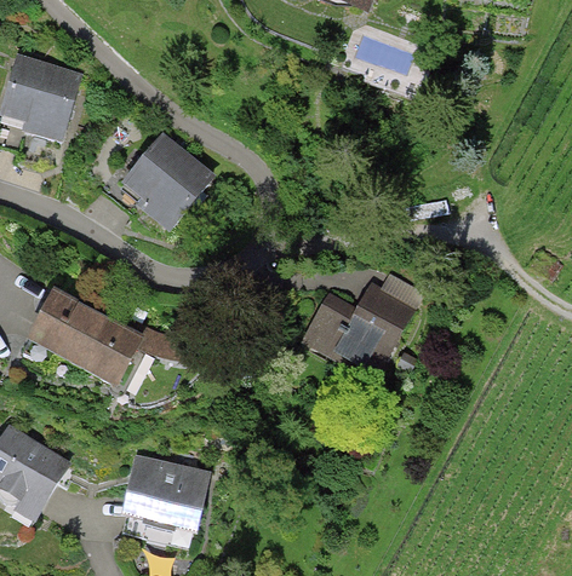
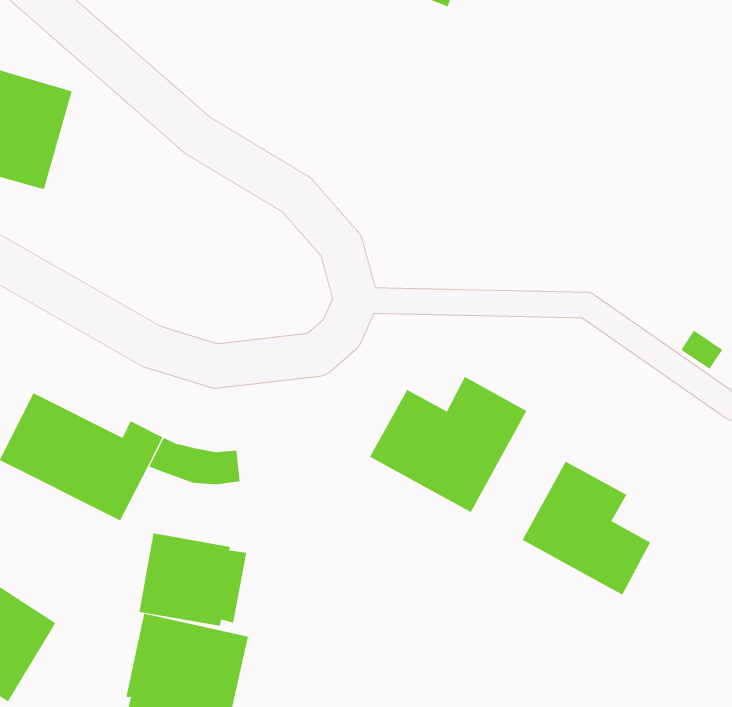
building: [97,128,217,231] -> none
building: none -> [522,461,651,595]
building: none -> [139,532,247,627]

